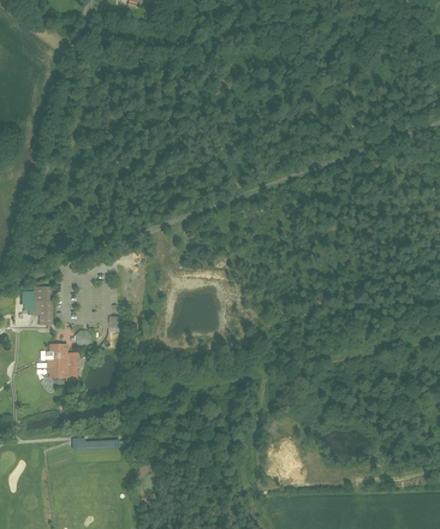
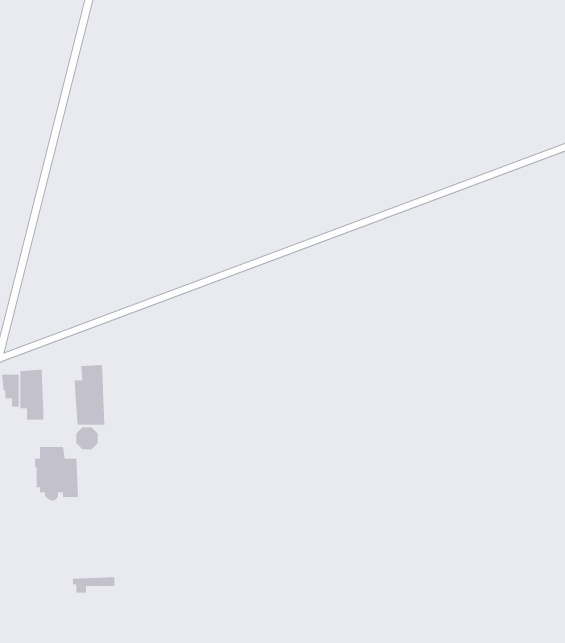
building: none -> [74,364,105,425]

